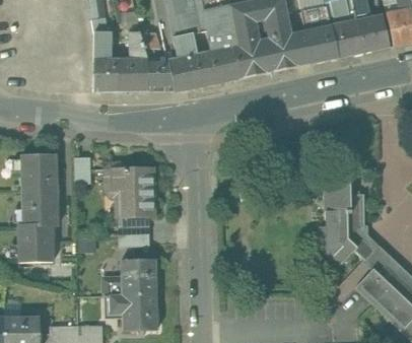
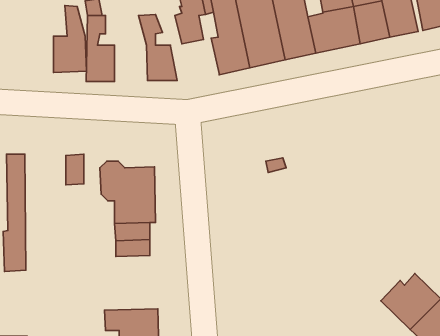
building: [118,31,147,91] -> [53,5,86,72]
building: [167,53,211,90] -> none
building: [38,156,57,260] -> none
building: [320,184,372,268] -> none
building: [104,259,156,295] -> none

